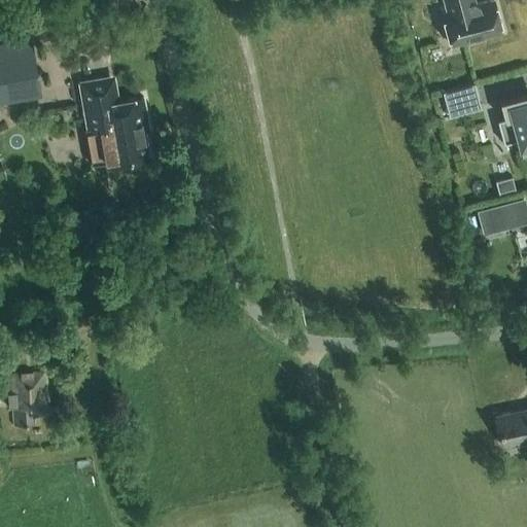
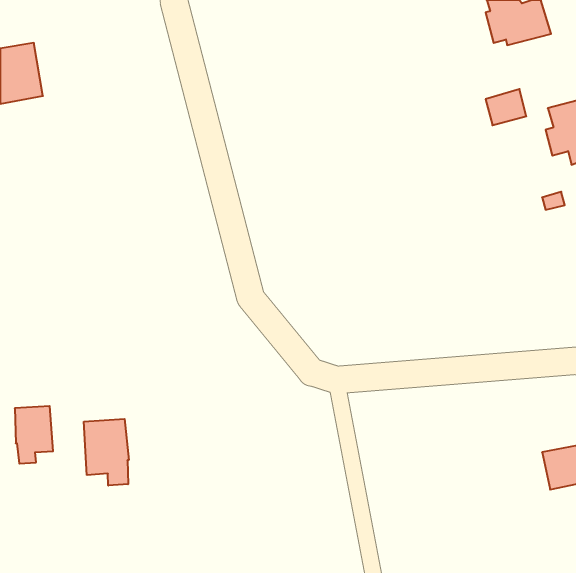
building: [80,78,150,166] -> none
building: [478,204,514,235] -> none
building: none -> [84,419,129,486]

